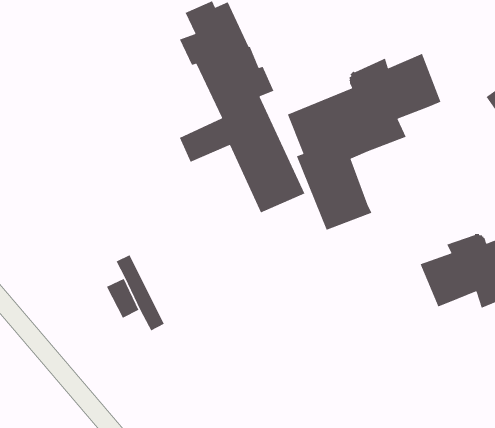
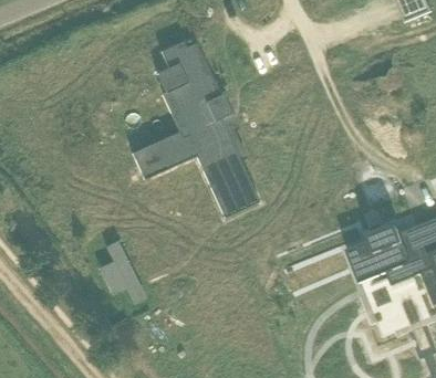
building: [287,53,441,231] -> none
building: none -> [132,91,189,178]

